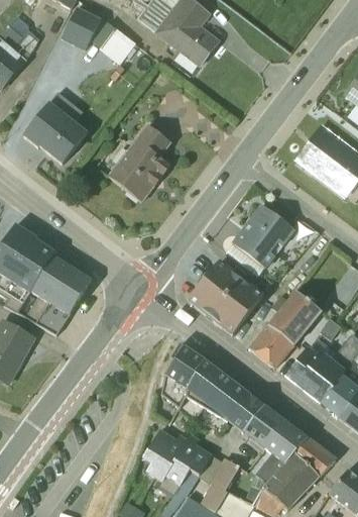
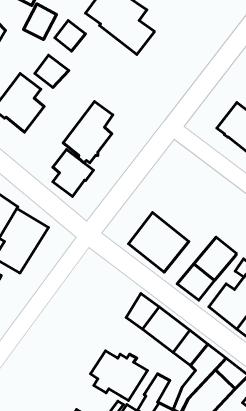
building: none -> [35,55,69,87]
building: none -> [53,149,93,197]
building: [225,204,293,276] -> none
building: [160,342,204,406] -> none

